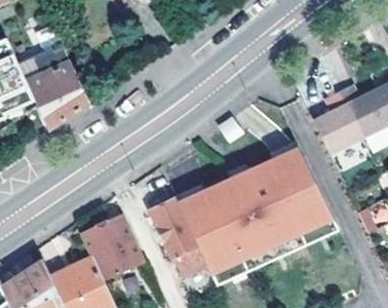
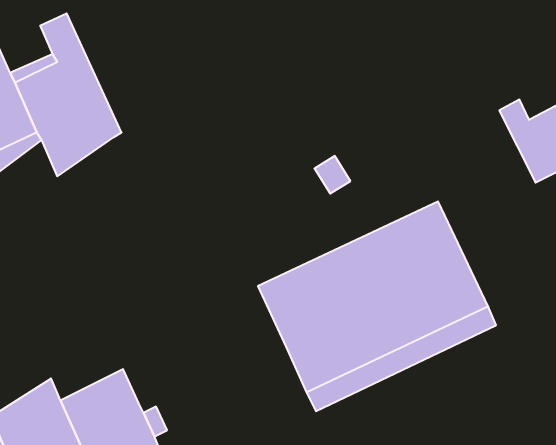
building: [311,87,360,151] -> none
building: [151,199,217,296] -> none
building: [80,214,145,279] -> none

